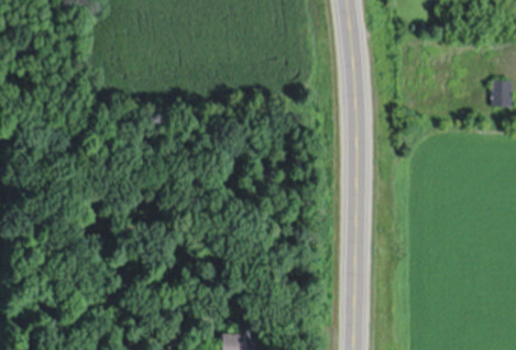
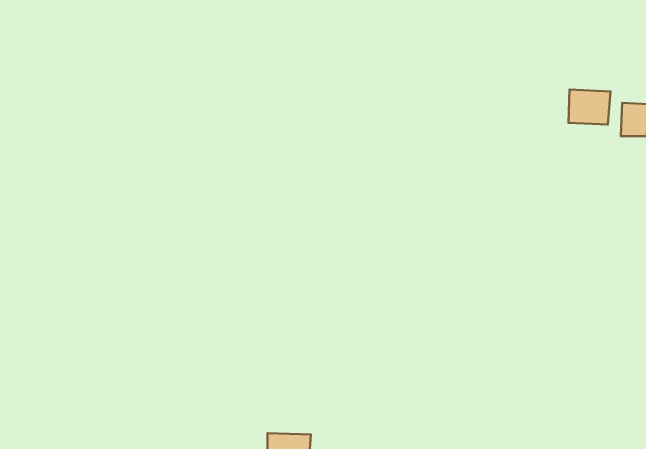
building: none -> [568,90,611,125]

